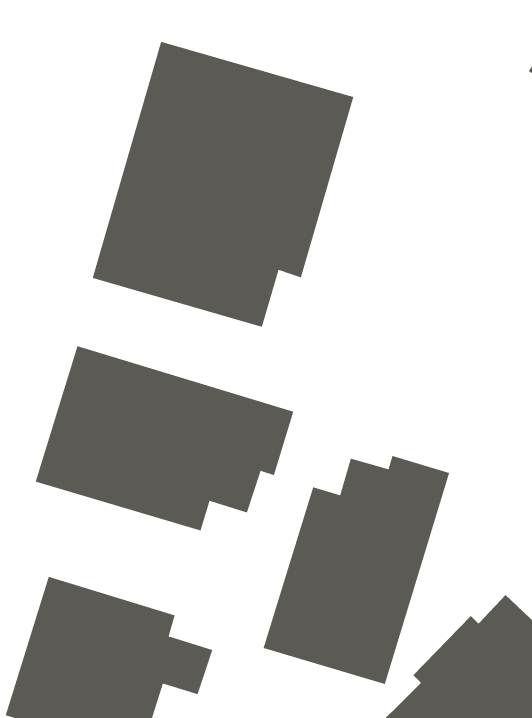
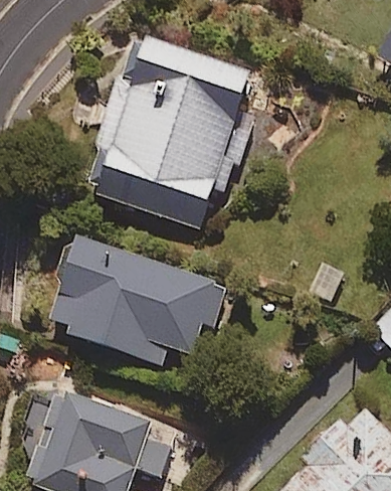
building: [263,455,450,685] -> none

